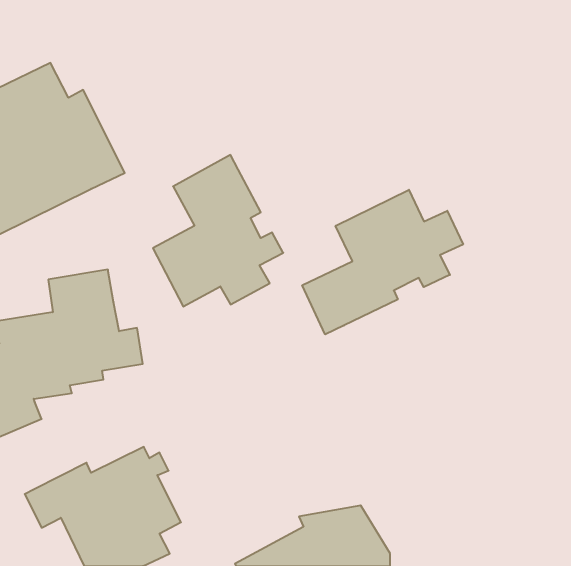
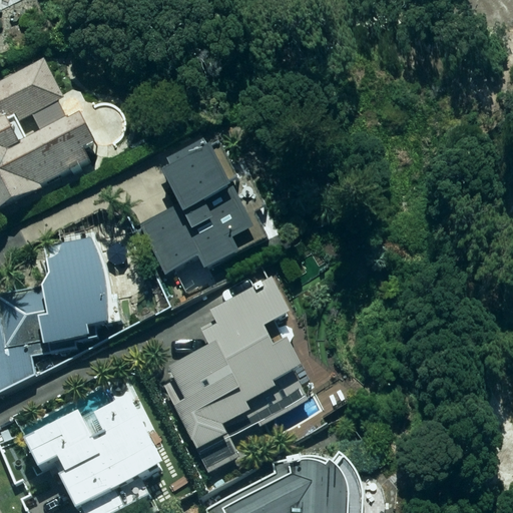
building: [302,190,463,334] -> none
building: none -> [166,280,322,451]

